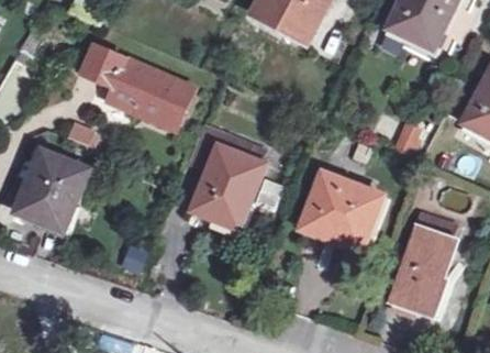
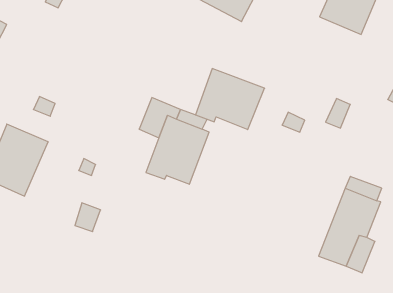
building: [81,46,192,131] -> none
building: [305,174,382,242] -> [195,69,265,130]

